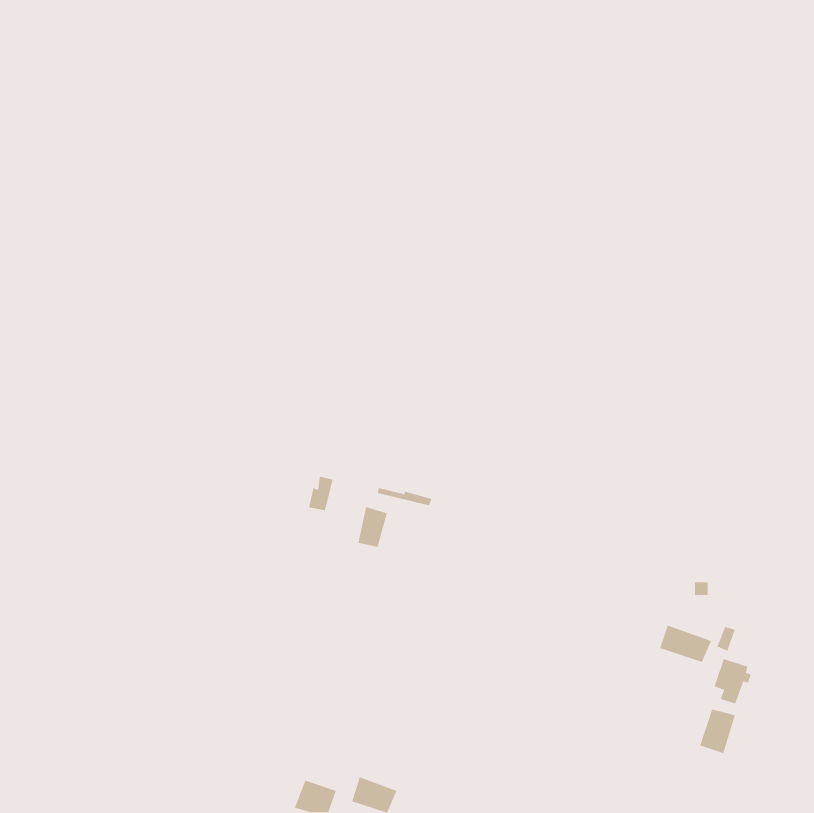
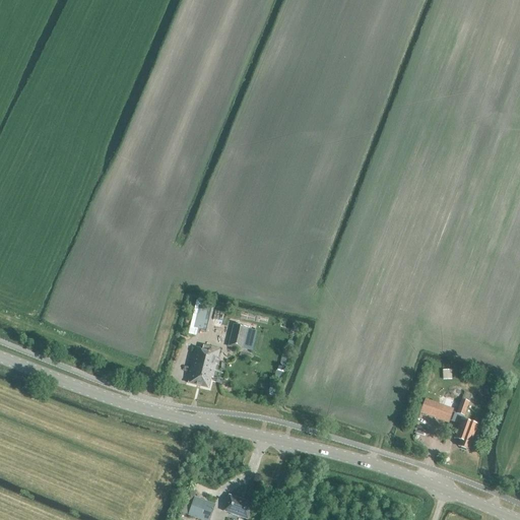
building: none -> [189,343,220,387]
building: [699,709,736,754] -> none

